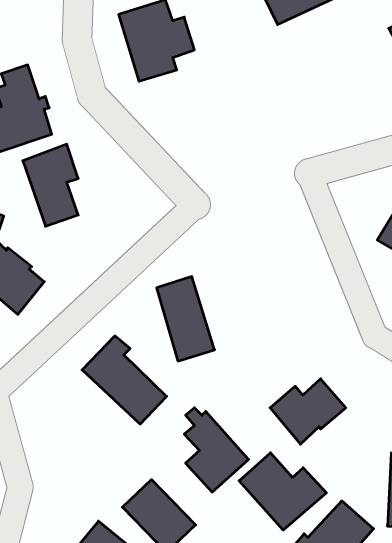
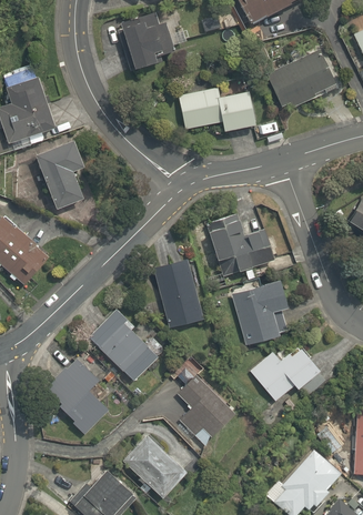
building: none -> [273,52,345,114]
building: none -> [182,85,266,139]
building: none -> [204,212,274,291]
building: none -> [231,277,285,344]
building: none -> [39,352,108,435]
building: [239,453,326,530] -> none

